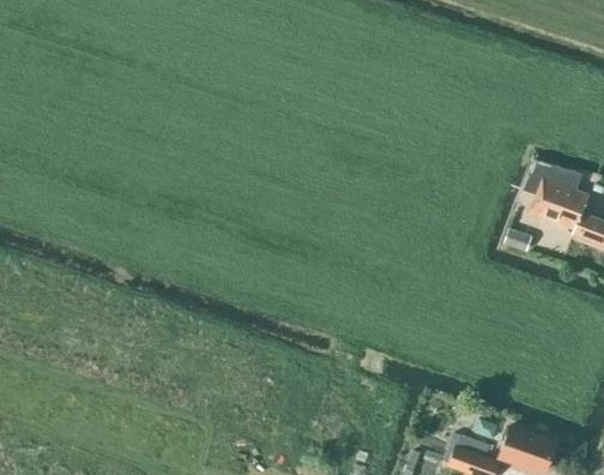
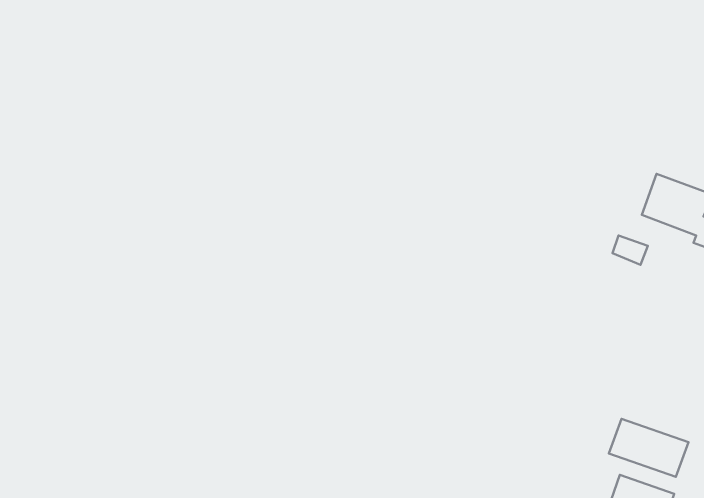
building: none -> [609,419,689,477]

